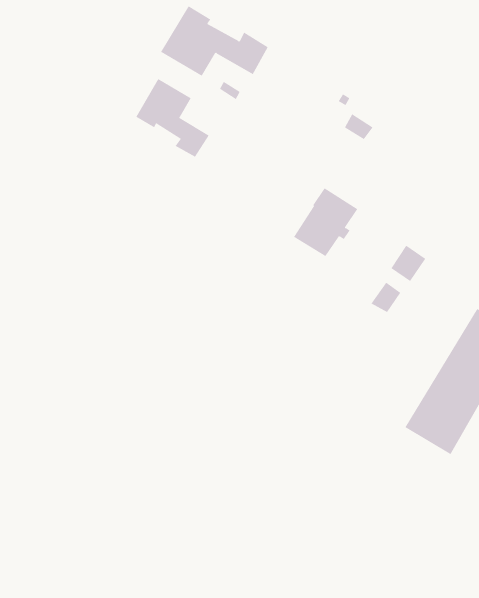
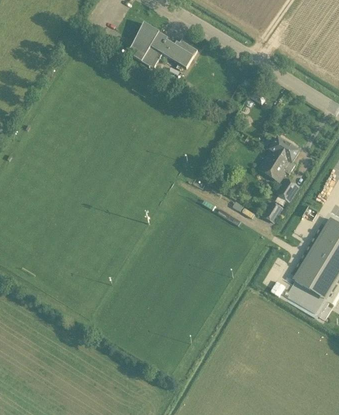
building: [136,78,209,158] -> none
building: [293,187,358,257] -> [258,136,300,181]

